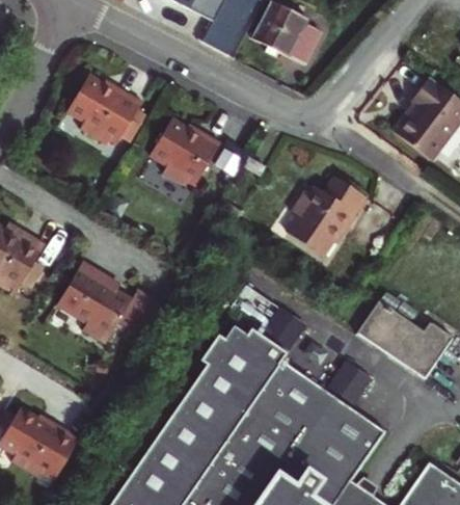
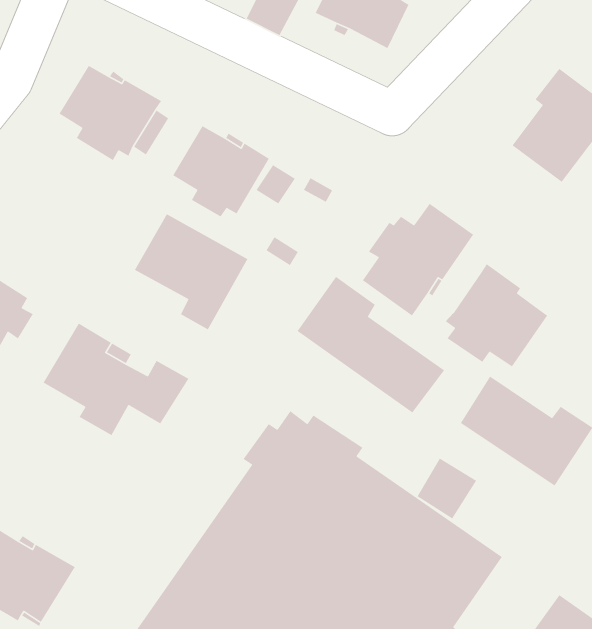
building: none -> [134,213,249,330]
building: none -> [445,263,548,368]
building: none -> [296,276,445,413]

